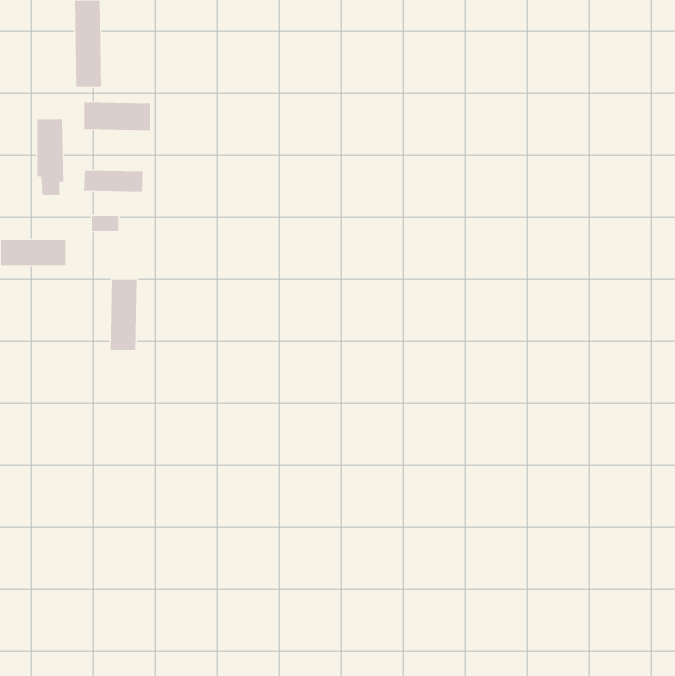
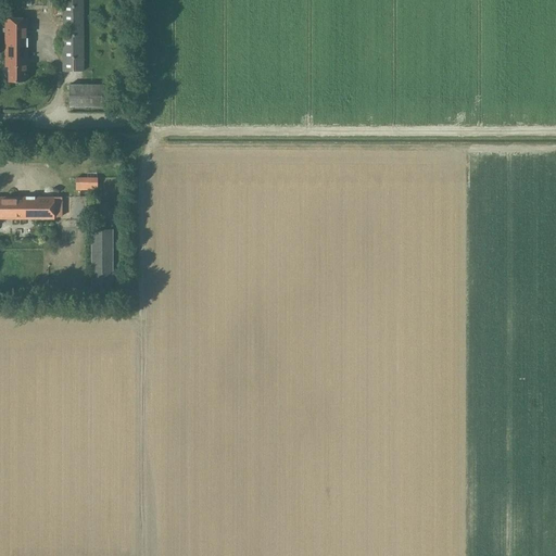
building: [36,119,64,195] -> [5,18,28,81]
building: [84,170,143,192] -> none

